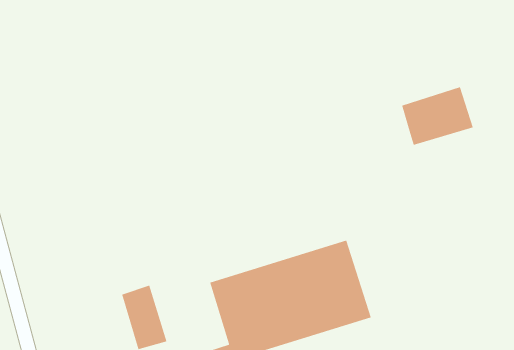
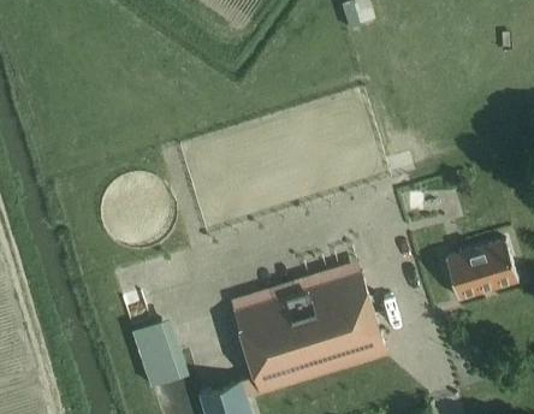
building: [401,86,474,146] -> [445,238,518,298]

